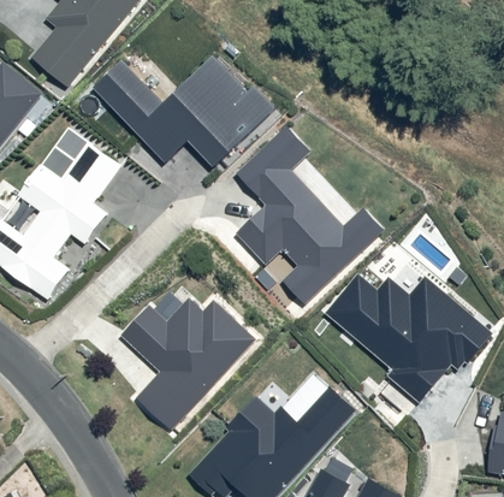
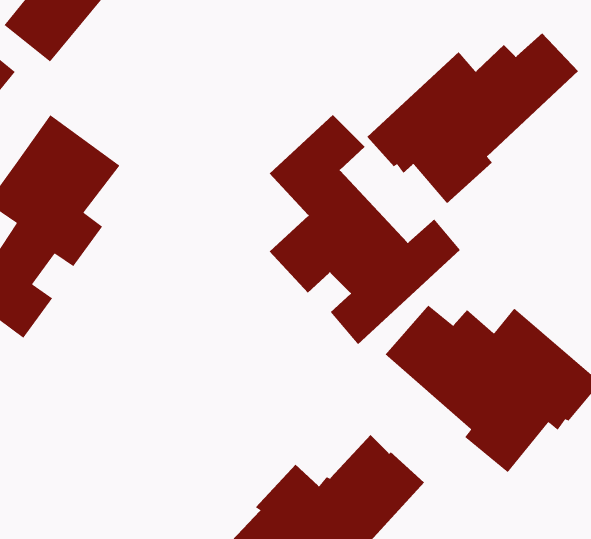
building: [93,54,275,166] -> none
building: none -> [366,33,579,204]
building: [121,291,256,430] -> none

